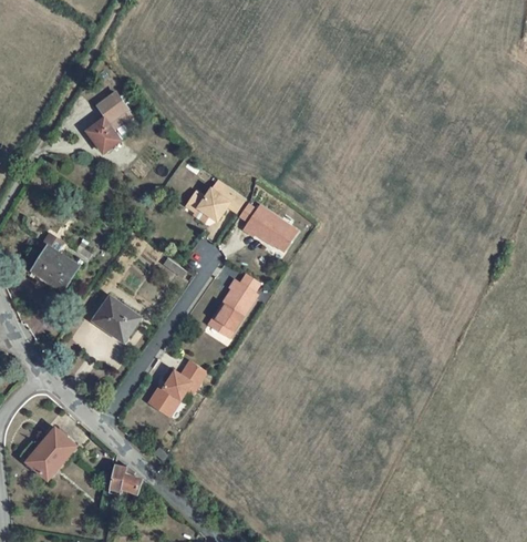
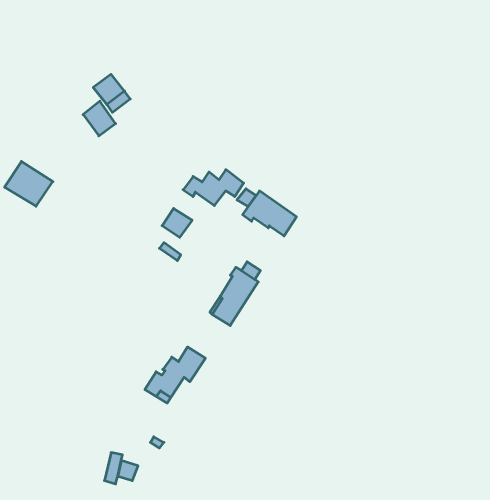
building: none -> [162,208,192,237]
building: [30,245,78,289] -> [5,161,53,206]
building: [91,296,138,337] -> none
building: [24,427,74,479] -> none

